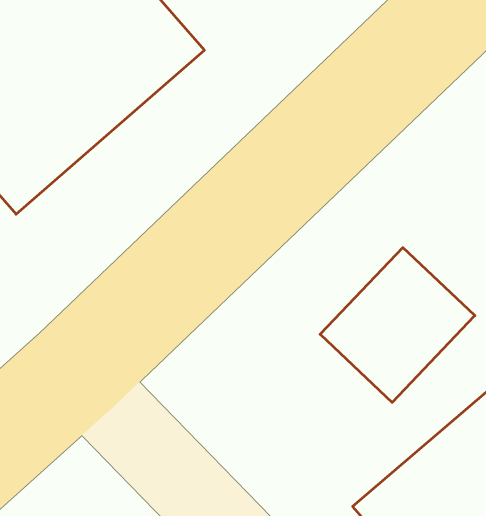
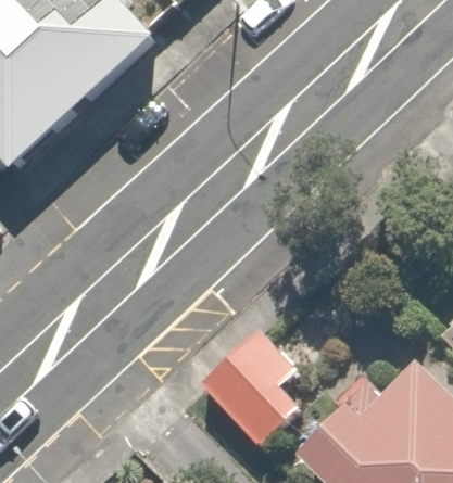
building: [320,248,475,402] -> [184,317,310,443]

